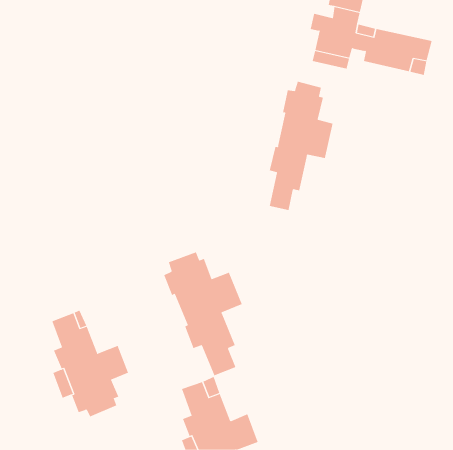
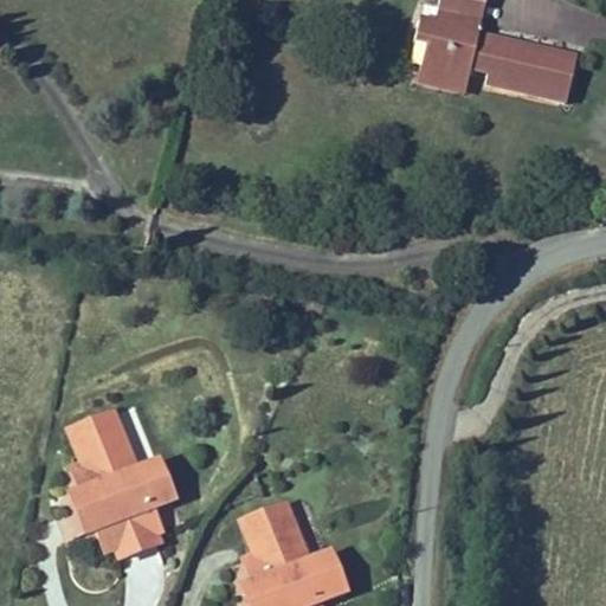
building: [269,81,333,211] -> none
building: [163,251,242,376] -> none

